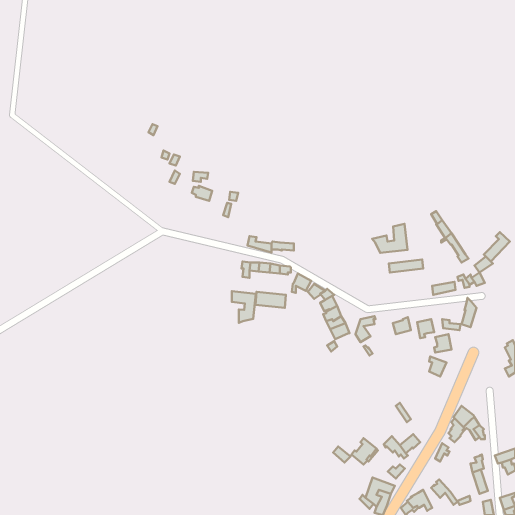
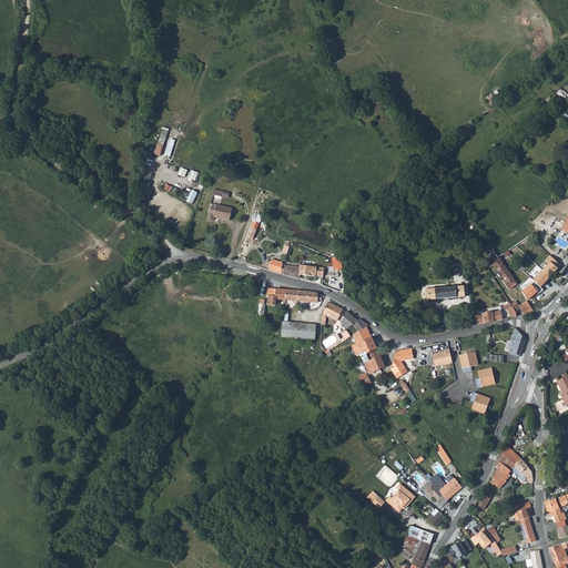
building: [372,224,408,253] -> none
building: [232,291,256,323] -> none

